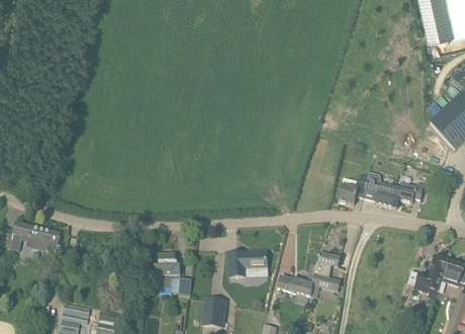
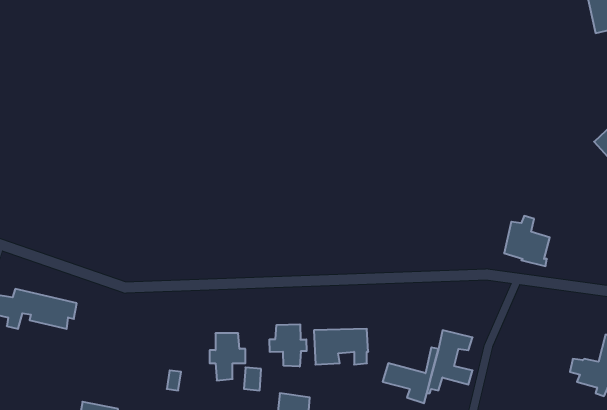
building: [338,173,368,203] -> none
building: [391,180,425,207] -> none
building: none -> [270,324,307,367]

